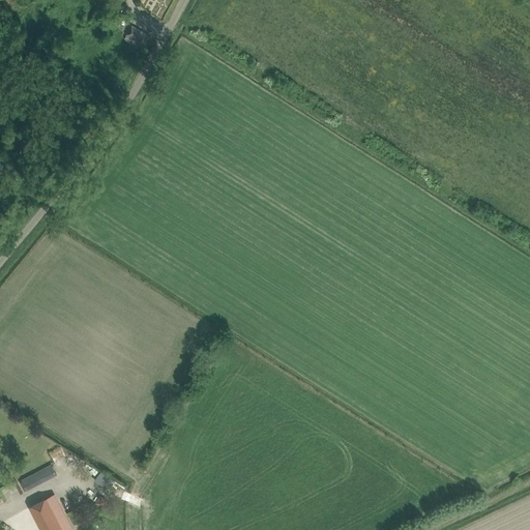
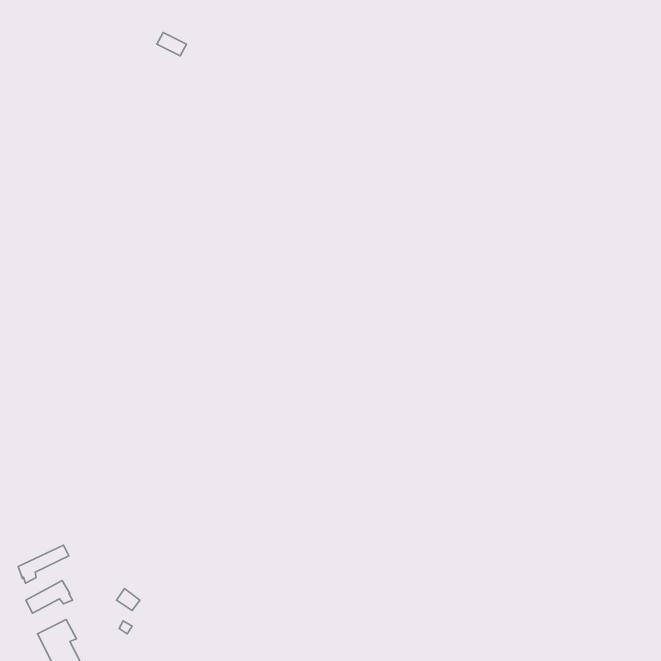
building: none -> [18,545,69,583]

